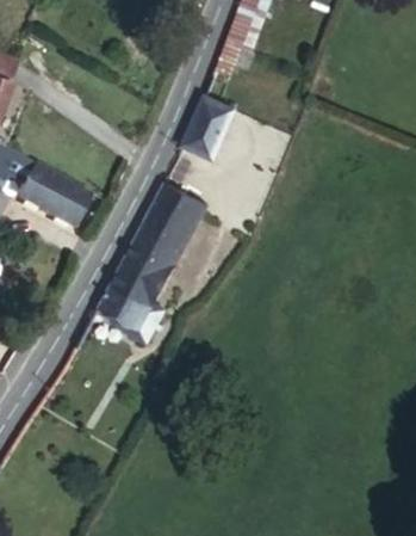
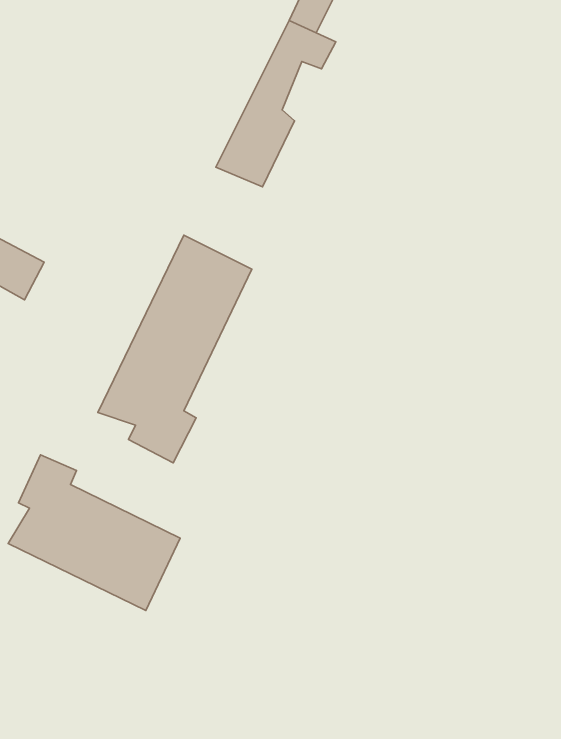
building: none -> [8,455,180,610]

